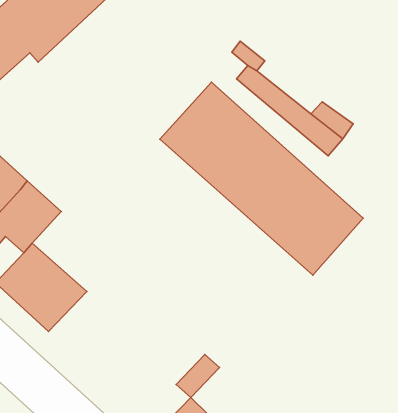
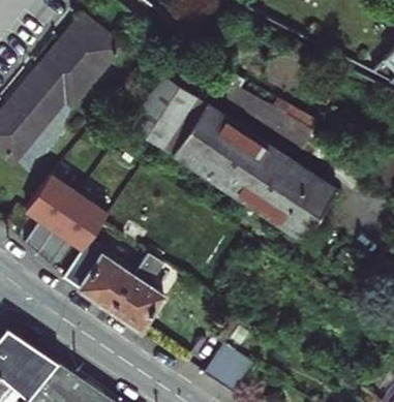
building: none -> [127,74,207,152]
building: none -> [110,253,165,331]

